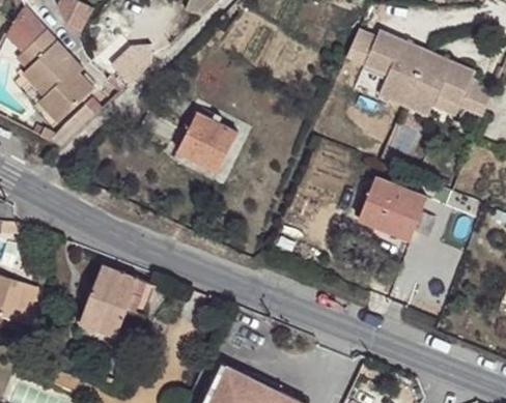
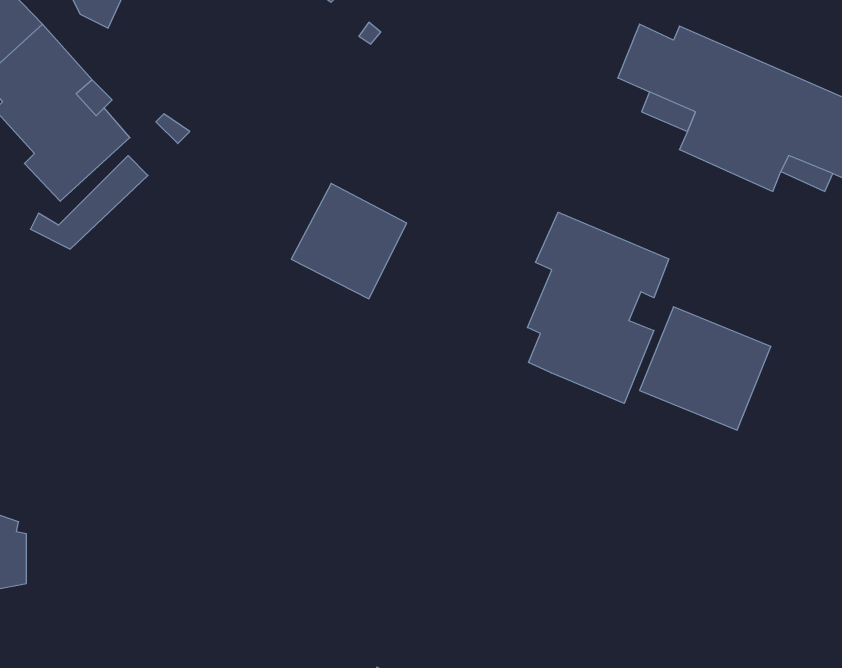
building: [111,45,151,84] -> none
building: none -> [527,212,669,403]
building: [80,266,154,336] -> none

